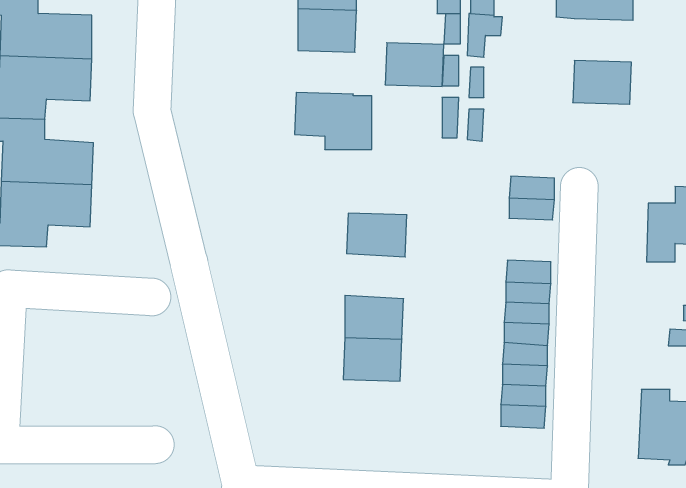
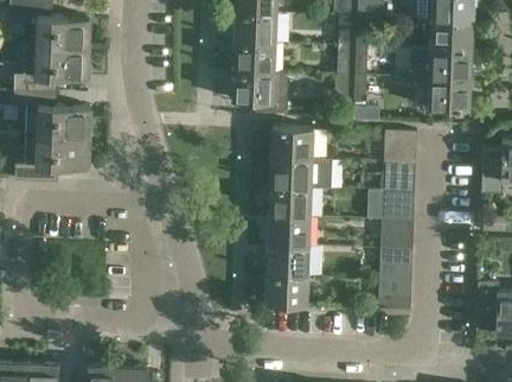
building: none -> [431,20,473,51]
building: [385,43,444,86] -> [235,43,276,74]
building: none -> [429,79,471,110]
building: none -> [271,127,314,159]
building: none -> [384,161,416,192]
building: none -> [269,186,312,218]
building: none -> [267,275,308,306]

